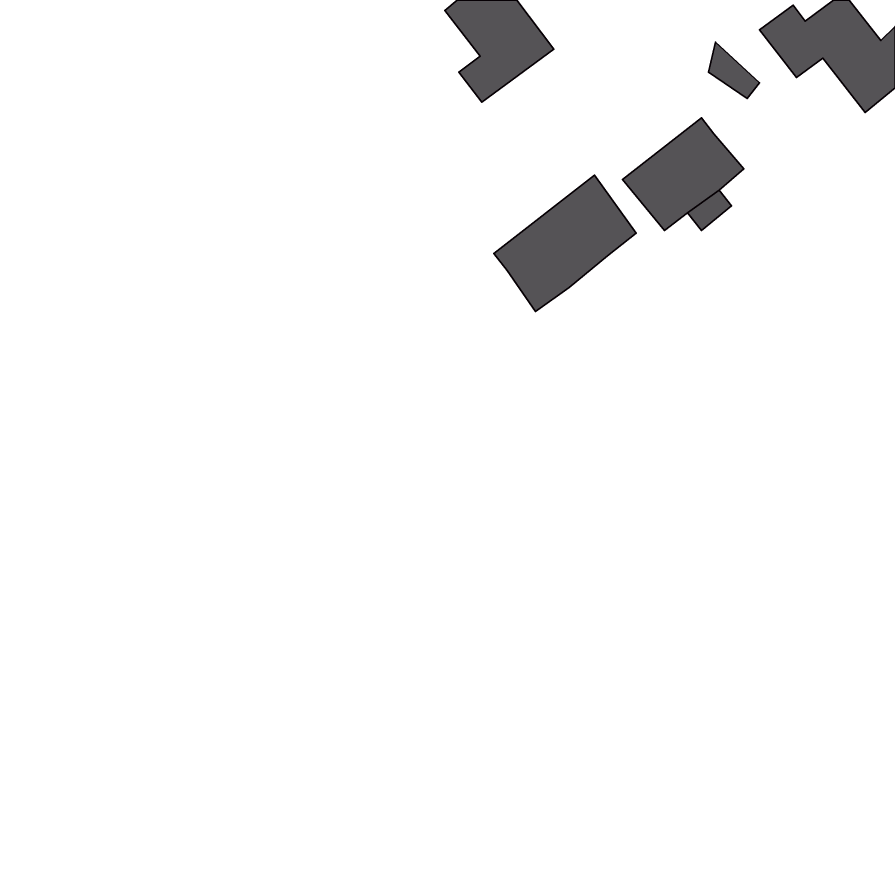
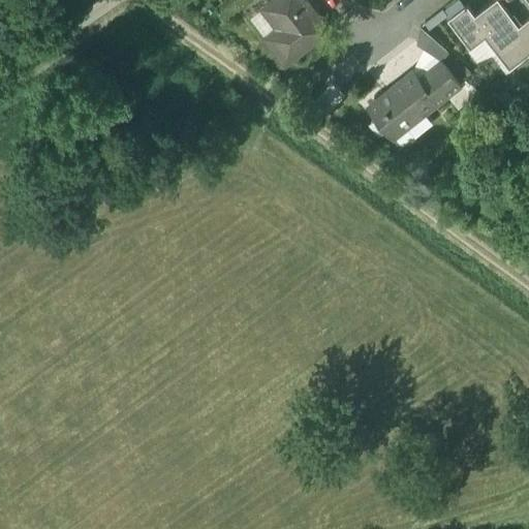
building: none -> [419,64,459,102]
building: [494,175,636,311] -> none

